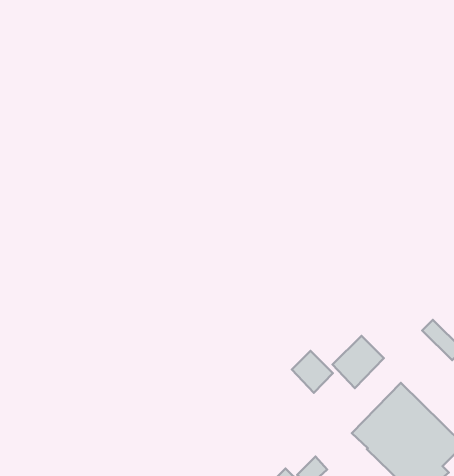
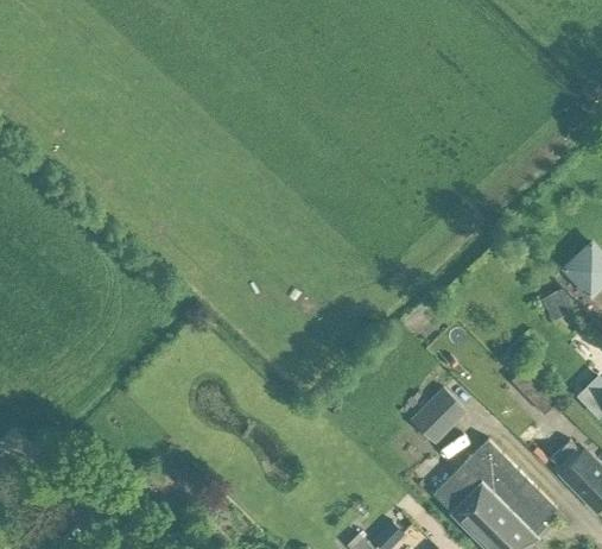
building: [292,351,333,393] -> none

